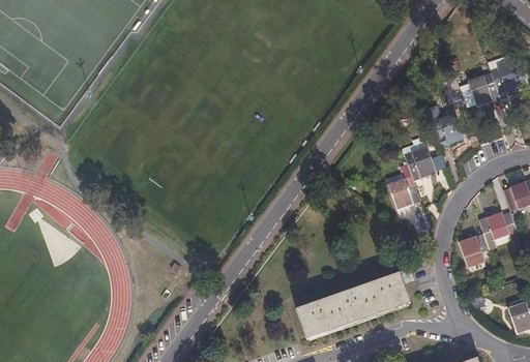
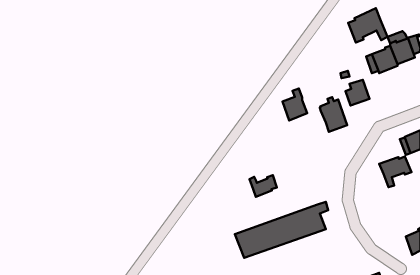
building: none -> [348,8,388,43]
building: [389,169,420,209] -> [283,88,307,121]
building: [459,233,489,265] -> none
building: none -> [249,175,277,197]

